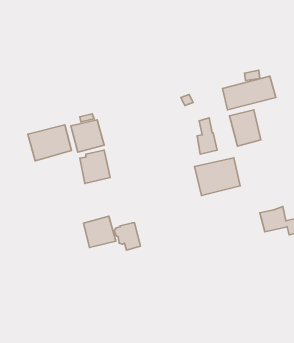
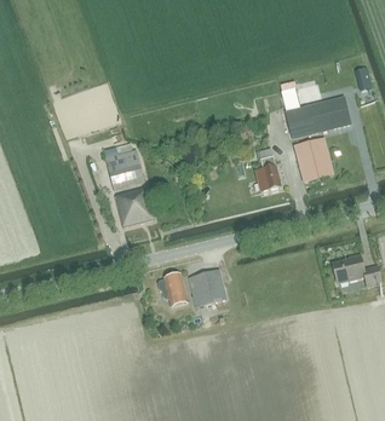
building: [28,125,71,161] -> none
building: [195,158,240,195] -> none
building: [83,216,116,247] -> [188,267,226,305]

